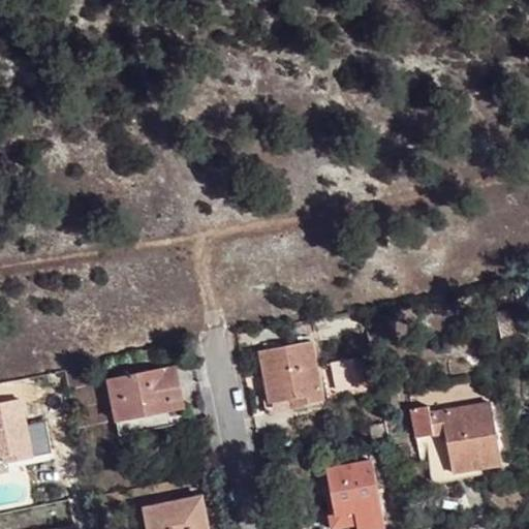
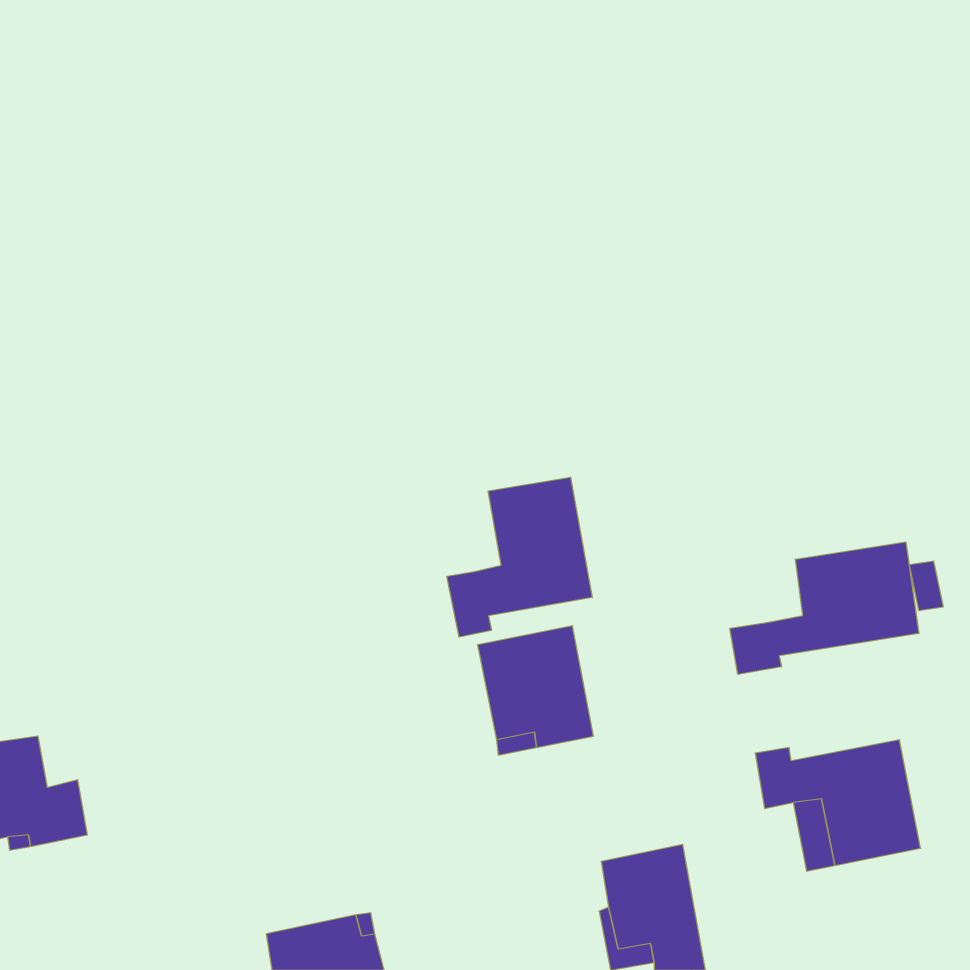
building: none -> [447,477,592,637]
building: none -> [730,542,919,674]
building: [110,367,184,435] -> none

